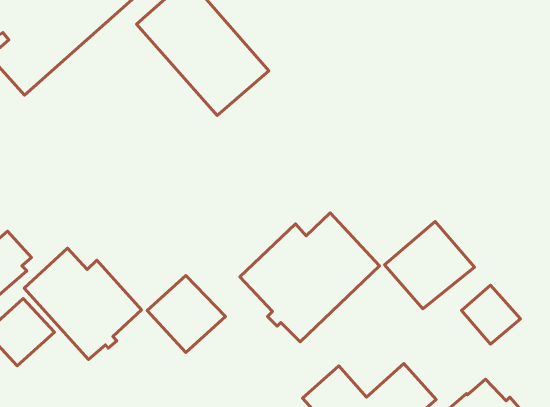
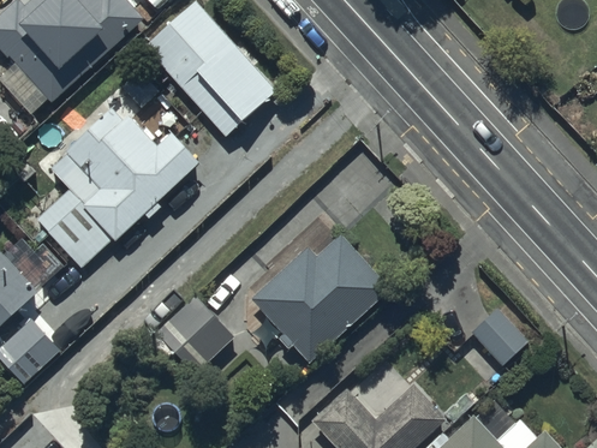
building: none -> [38,91,201,268]
building: [385,222,474,309] -> none
building: [24,248,141,359] -> none

